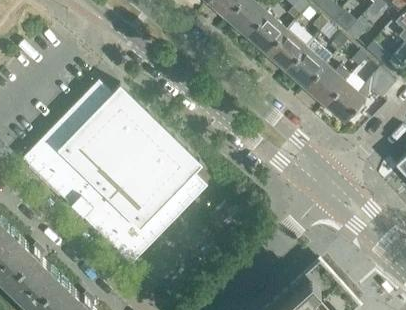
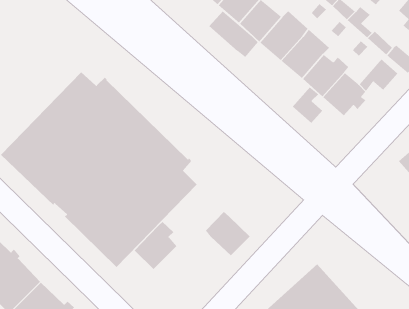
building: none -> [209,11,258,58]
building: none -> [292,87,323,124]
building: none -> [205,211,251,256]
building: none -> [134,221,177,270]

